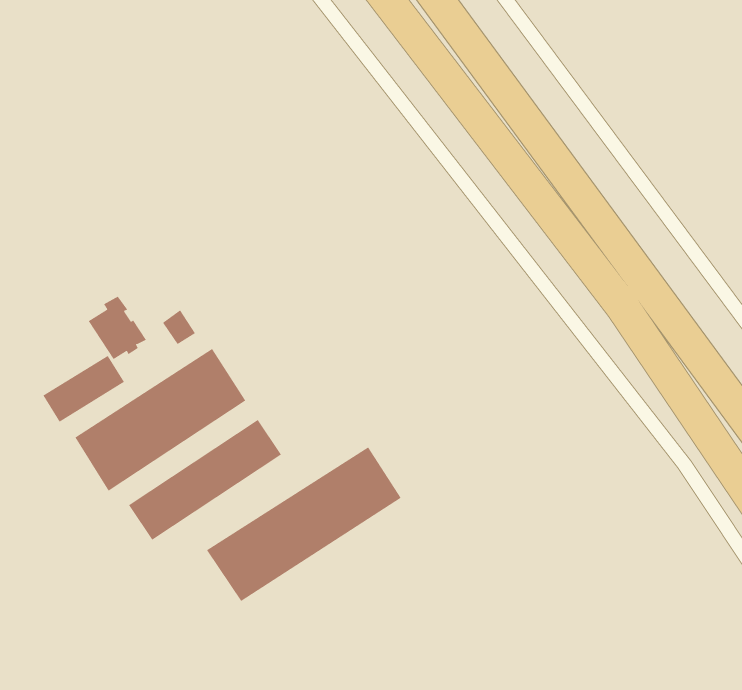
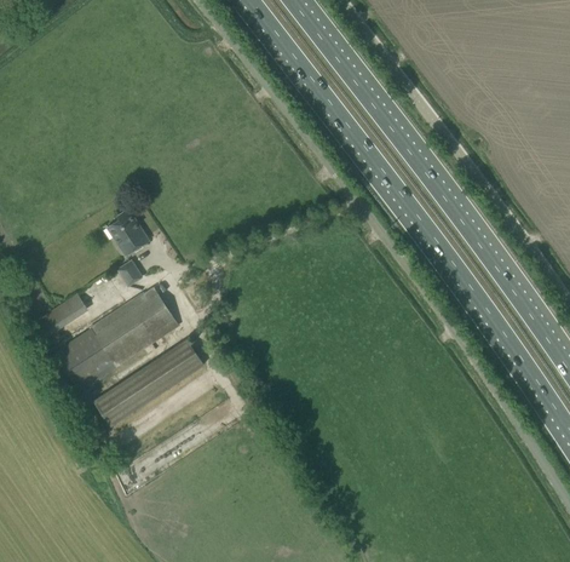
building: [88,296,147,360] -> [108,210,150,256]
building: [206,447,401,602] -> none

